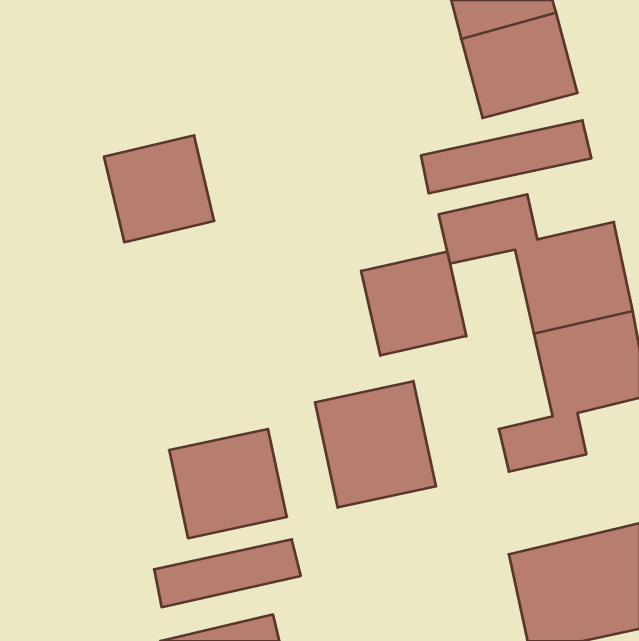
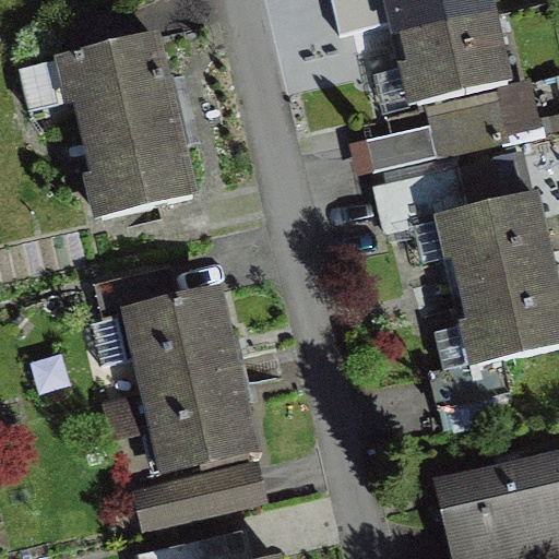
building: none -> [36,11,170,136]
building: [361,251,466,356] -> none
building: none -> [96,272,235,392]
building: [315,381,436,508] -> none

